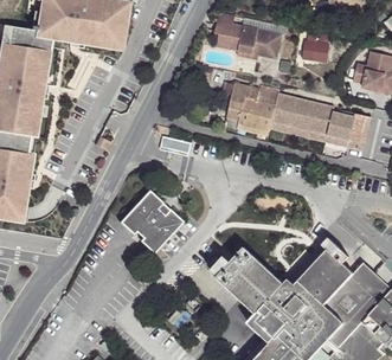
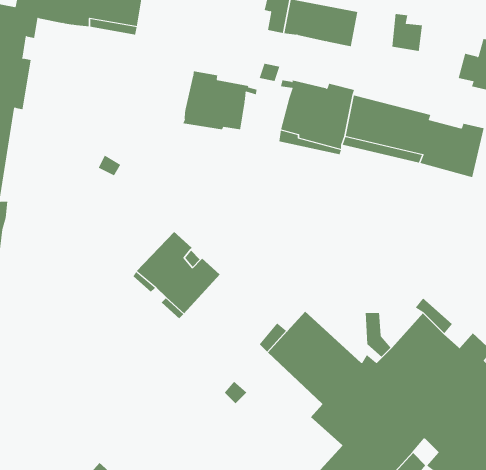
building: none -> [182,70,257,130]

